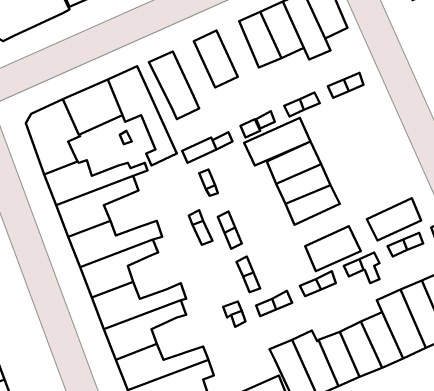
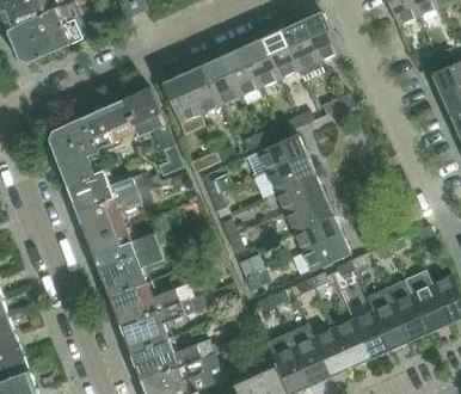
building: none -> [220,45,258,96]
building: none -> [180,63,219,113]
building: [367,198,421,240] -> [290,210,339,248]

